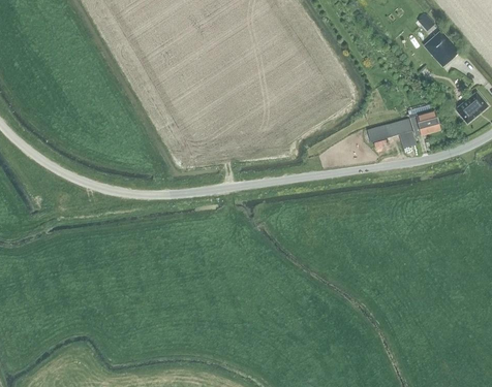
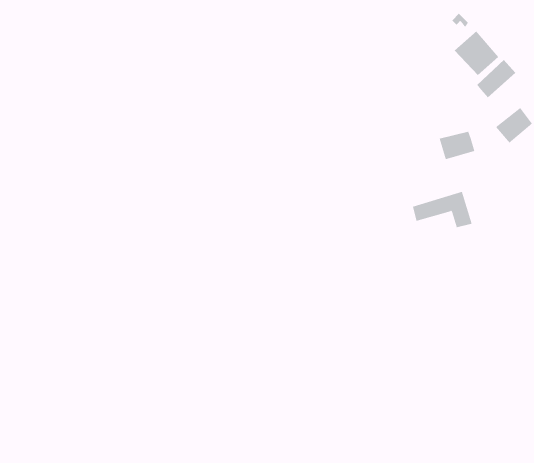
building: none -> [477,59,516,98]
building: [367,118,417,148] -> [412,191,472,228]

